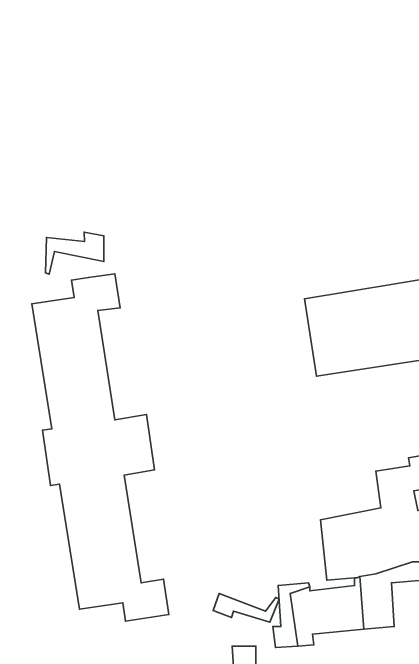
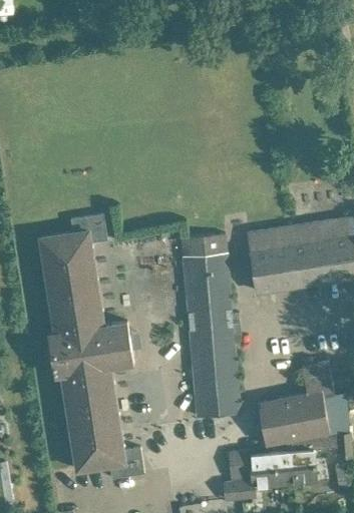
building: [46,232,104,274] -> none
building: none -> [181,234,239,417]
building: [213,593,279,622] -> none

